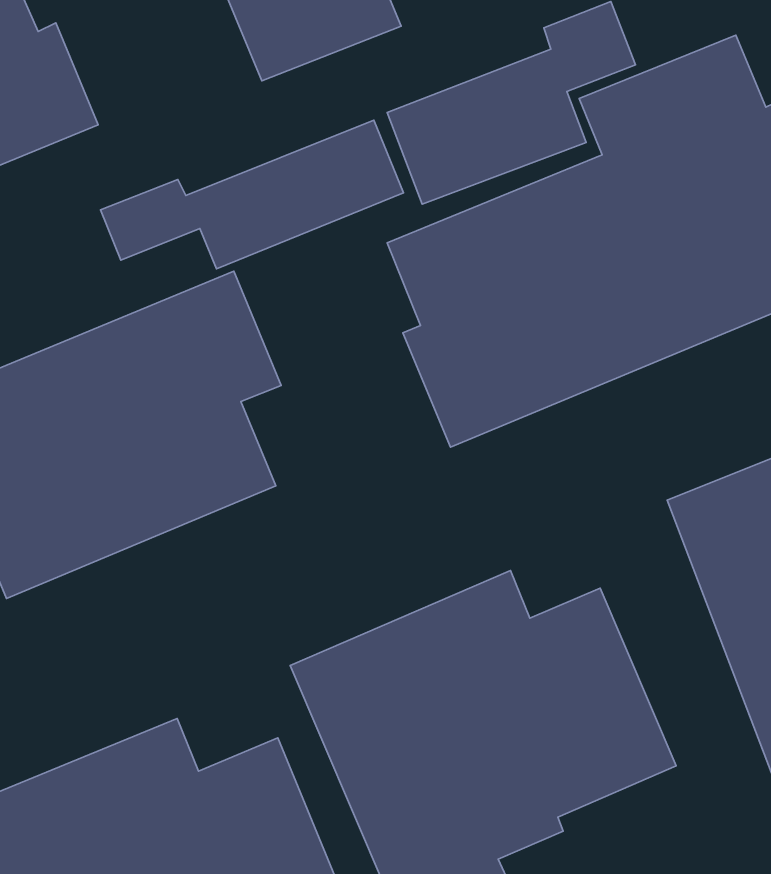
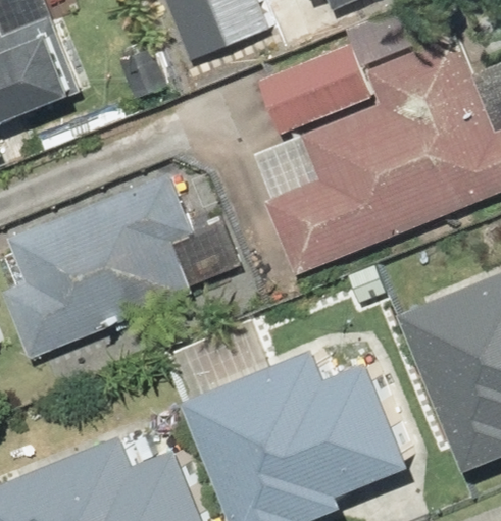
building: [101,120,404,269] -> none

